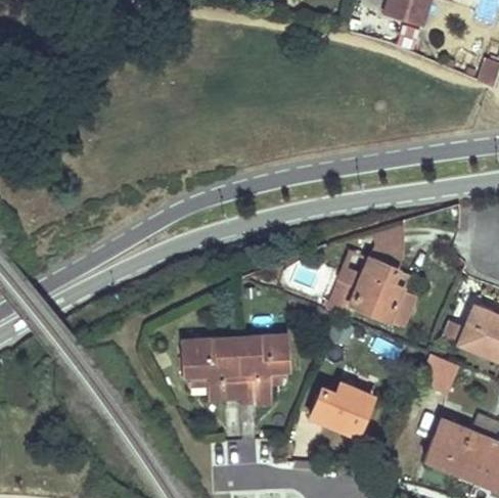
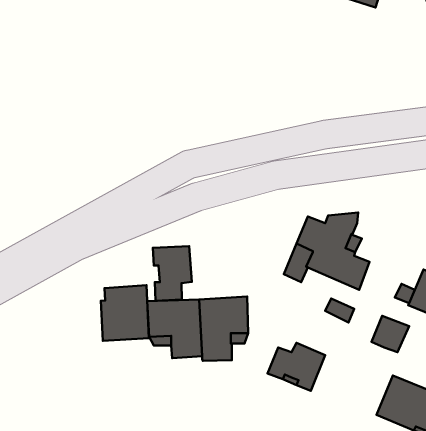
building: none -> [153,246,192,301]
building: none -> [101,285,149,341]

